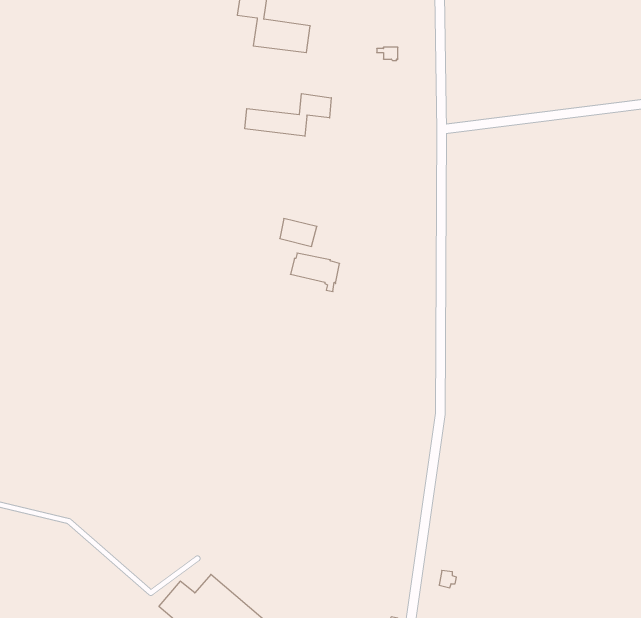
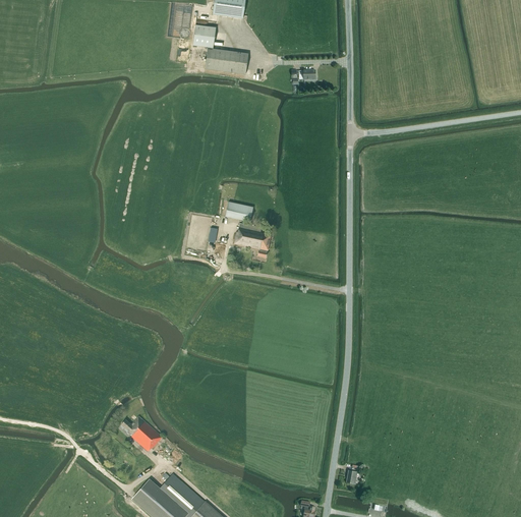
building: [245,94,331,136] -> none
building: none -> [121,416,162,452]

